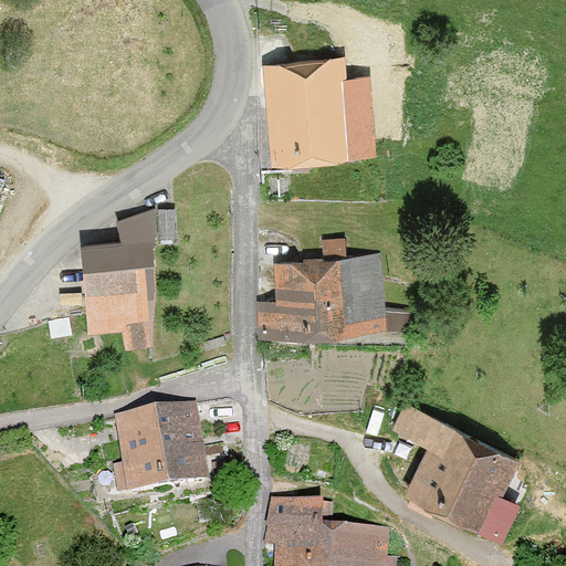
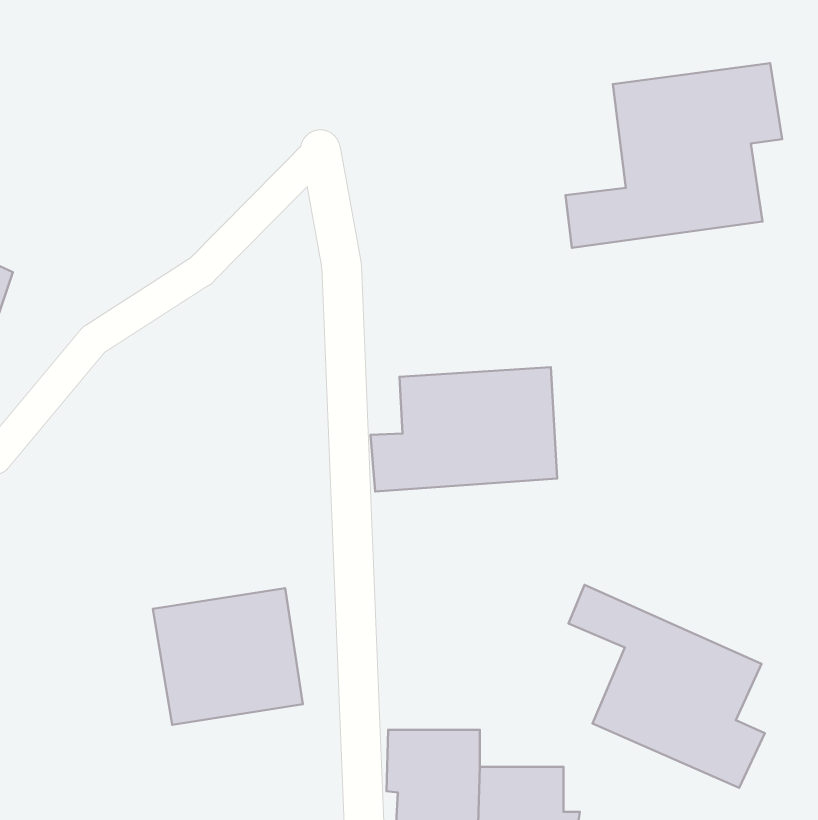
building: none -> [565,63,782,248]
building: [259,49,377,176] -> none
building: [84,207,176,353] -> none

